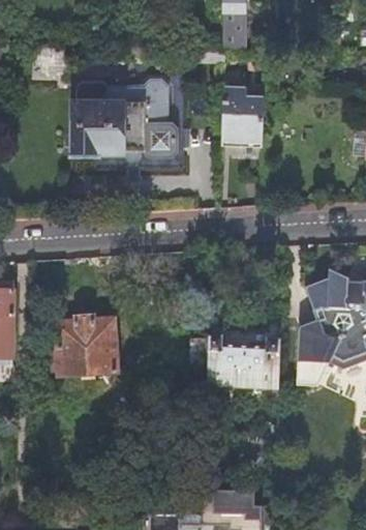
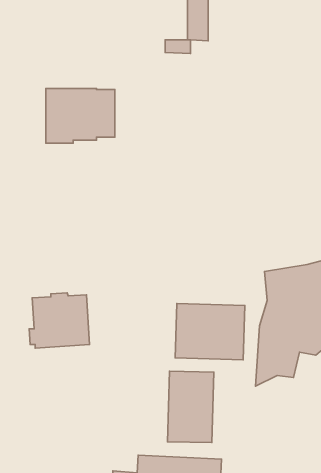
building: [74,80,177,155] -> none
building: [222,88,265,146] -> none
building: none -> [168,371,214,443]

